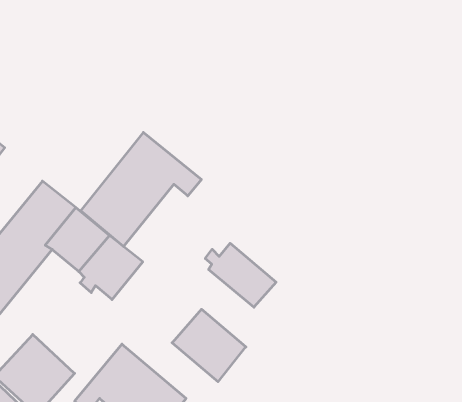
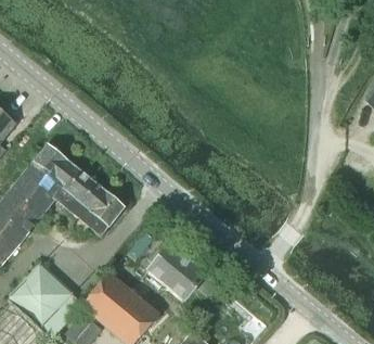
building: [81,132,201,247] -> none
building: [205,243,276,307] -> none

